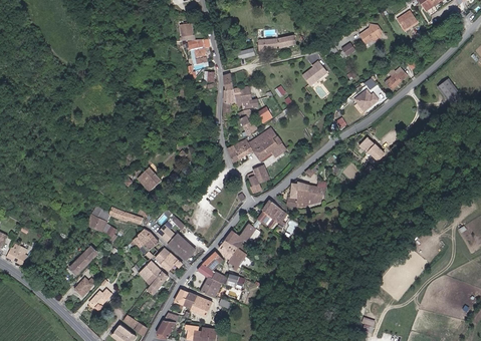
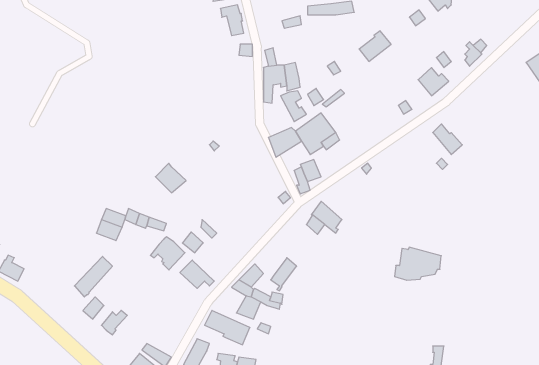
building: [286,182,324,209] -> [395,247,441,280]
building: [219,225,256,261] -> none
building: [168,234,196,261] -> none
building: [140,261,169,296] -> none

